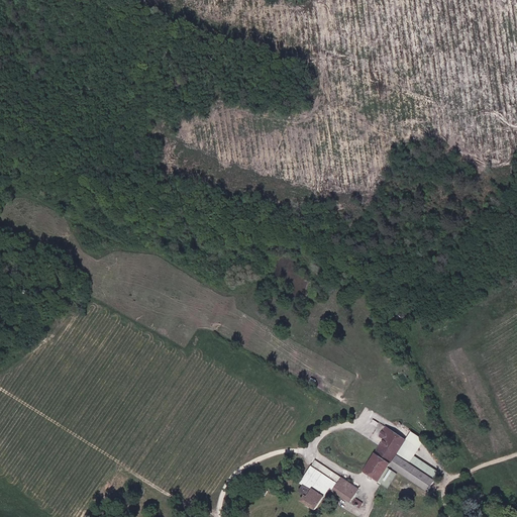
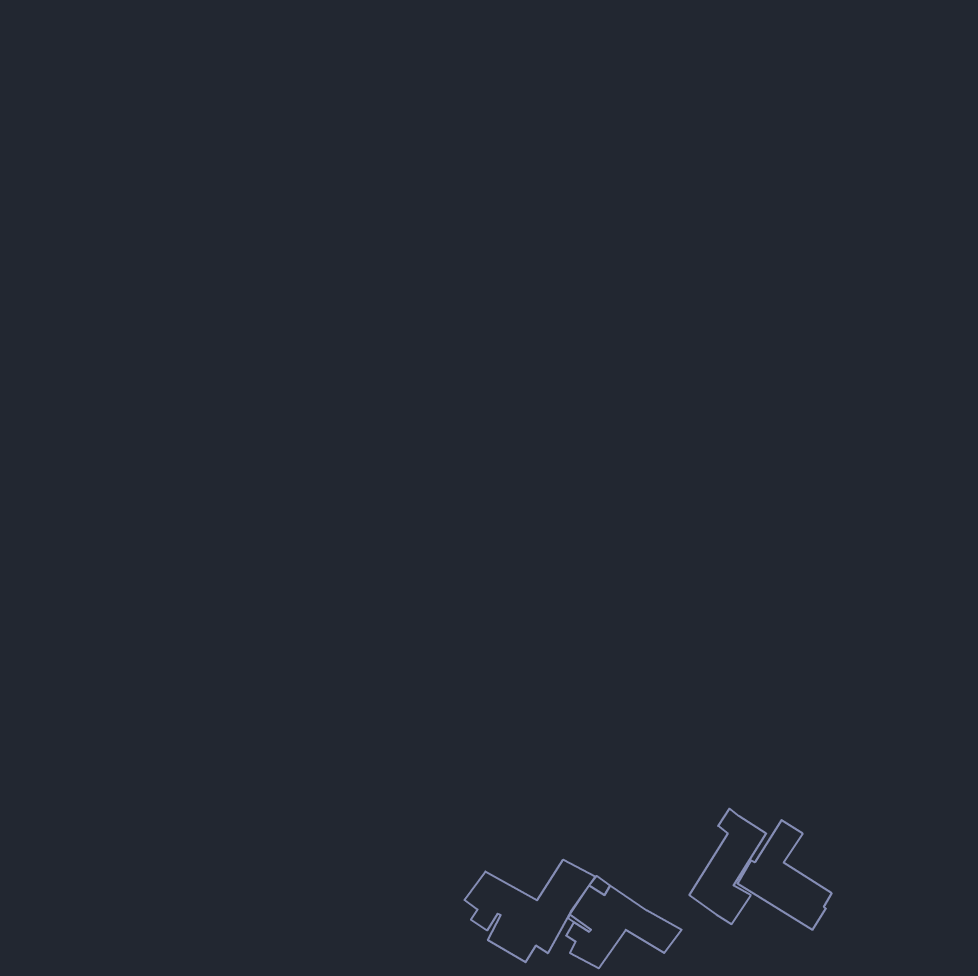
building: none -> [464,860,595,962]

